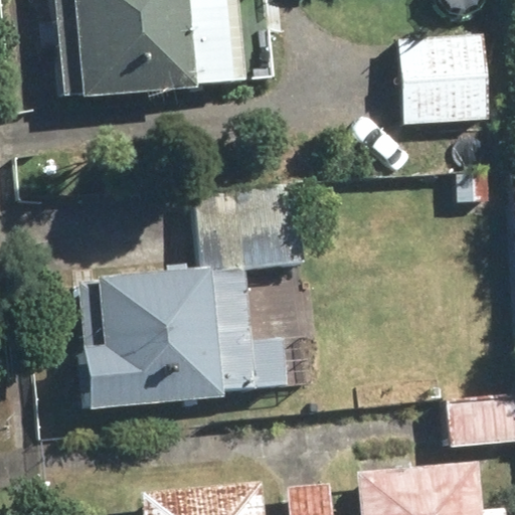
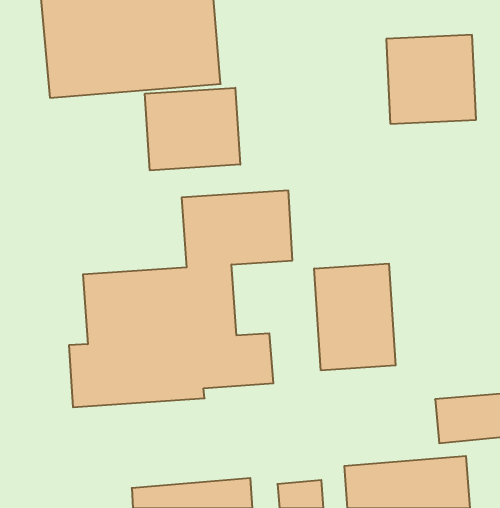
building: none -> [145,88,240,170]
building: none -> [314,264,396,370]

